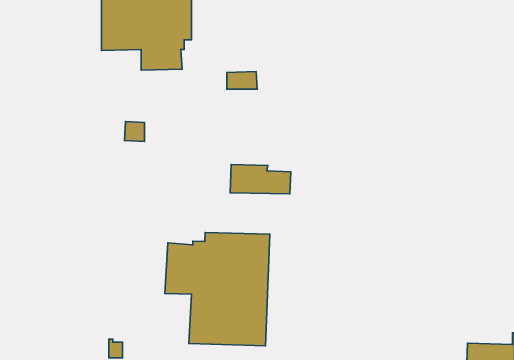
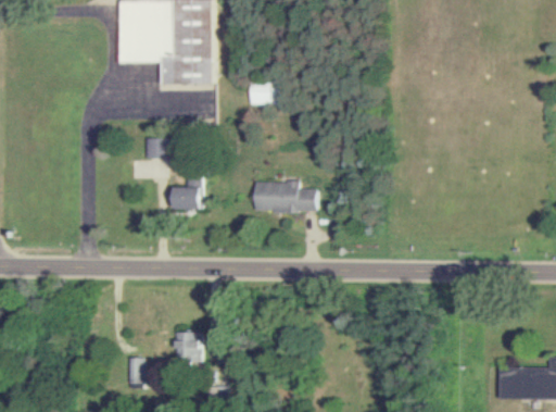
building: none -> [175,178,203,209]
building: [165,232,270,346] -> none
building: none -> [176,333,200,367]

